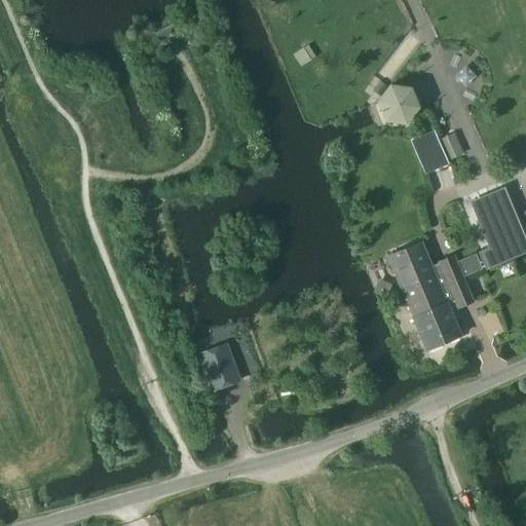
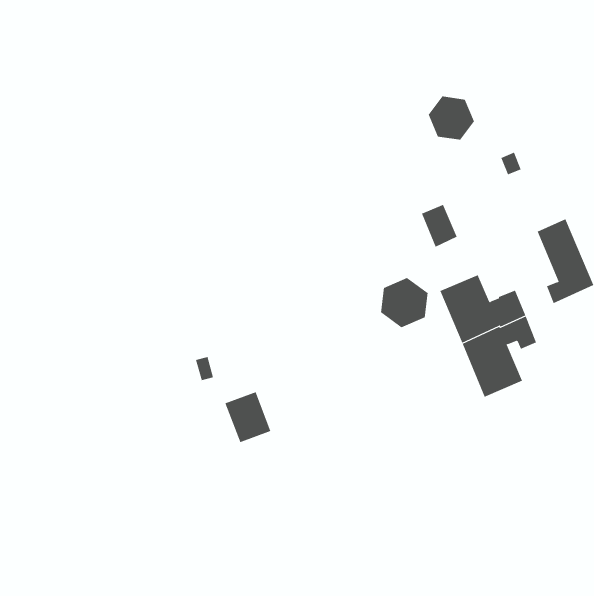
building: [414,134,446,172] -> [421,204,458,247]
building: none -> [380,277,428,328]

